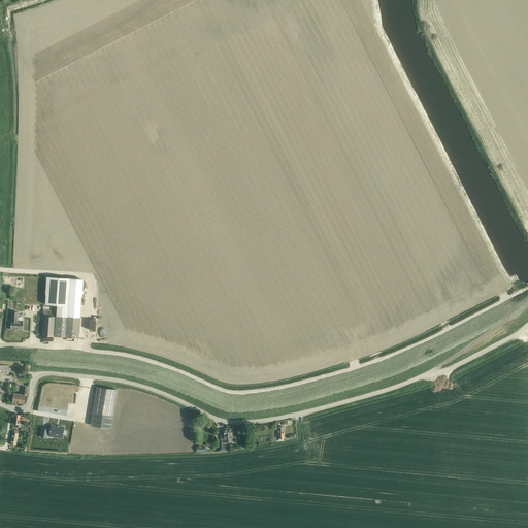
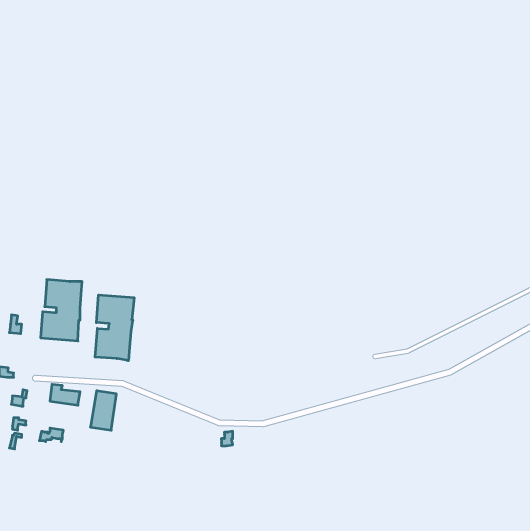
building: none -> [95,295,134,361]

